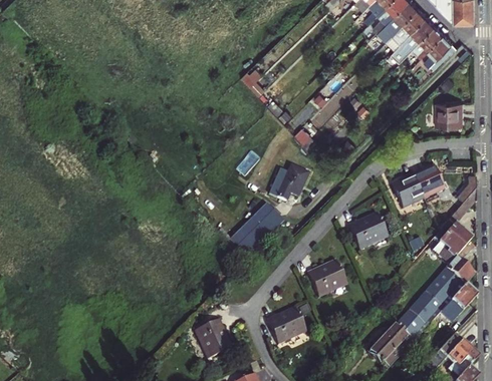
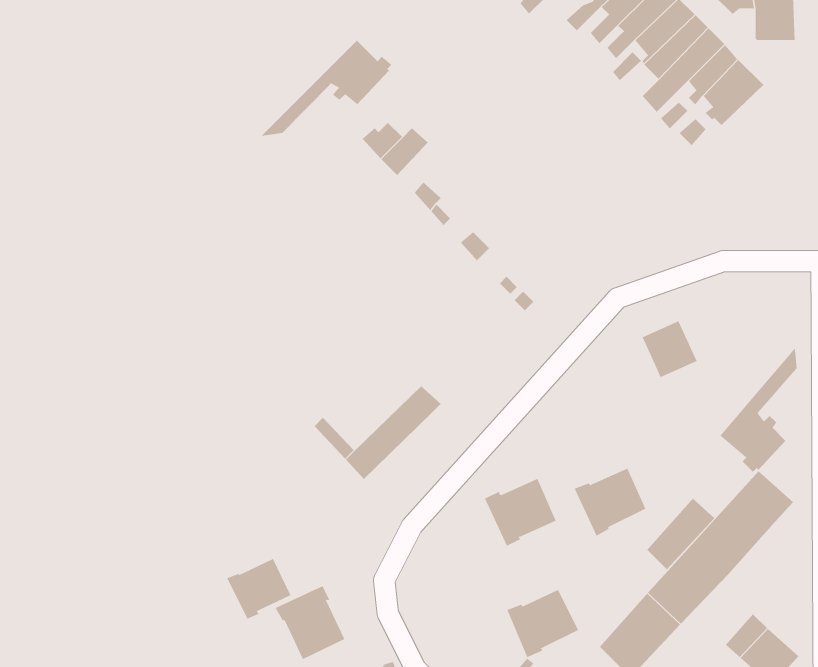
building: none -> [260,40,392,137]
building: [437,101,464,124] -> none
building: [413,163,445,196] -> none
building: [277,165,308,199] -> none
building: [348,212,388,249] -> [574,468,646,537]
building: [440,283,477,322] -> [647,498,715,570]
building: none -> [226,558,291,620]
building: [267,306,306,343] -> [506,589,579,658]

